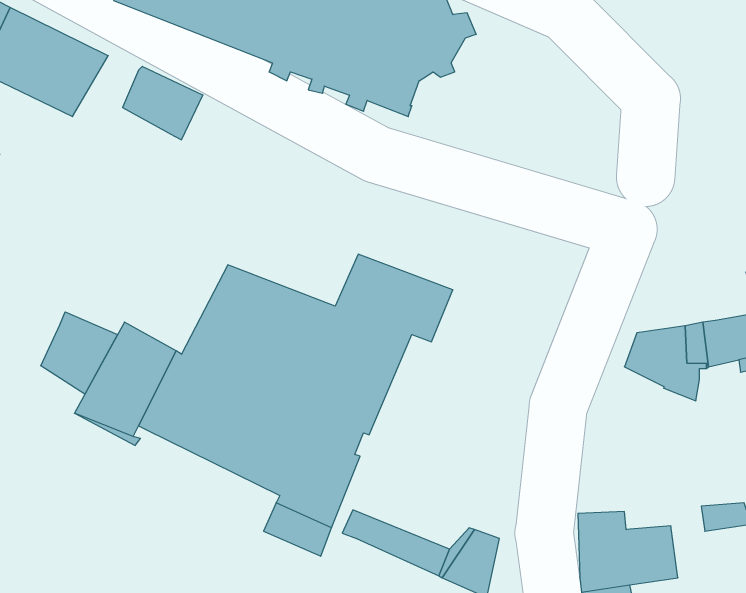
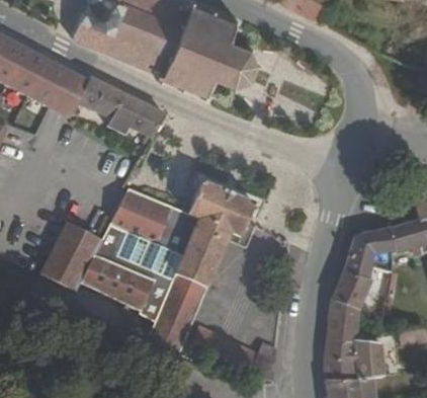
building: none -> [41,70,79,114]
building: none -> [101,92,161,139]
building: [41,312,118,394] -> none
building: none -> [328,246,377,329]

